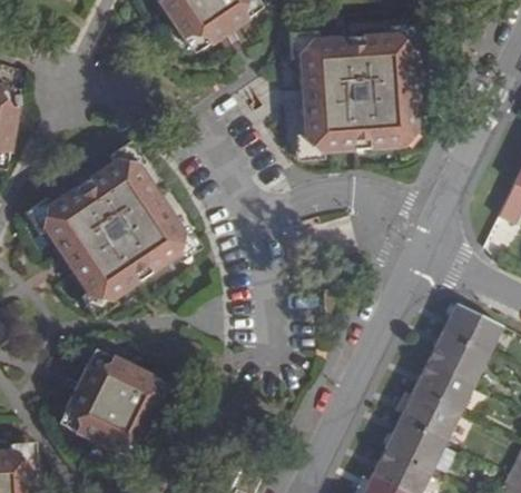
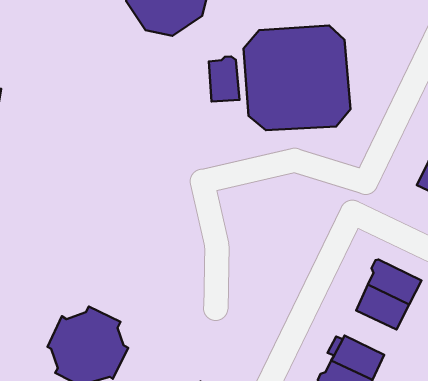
building: none -> [209,56,239,101]
building: [42,160,186,303] -> none
building: [414,362,474,413] -> none

